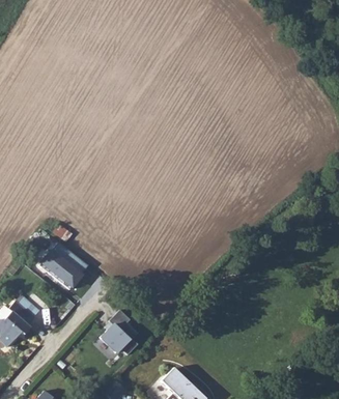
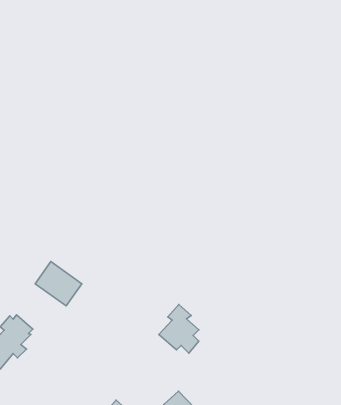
building: [100,310,137,355] -> [159,304,199,353]

